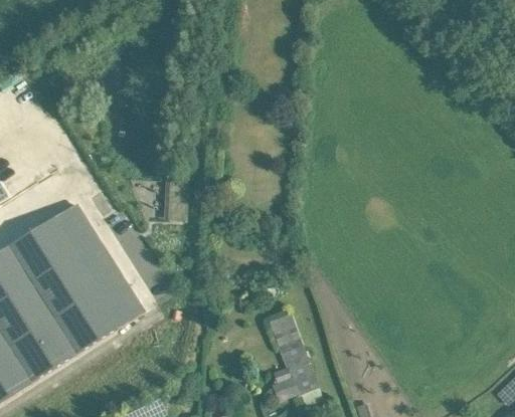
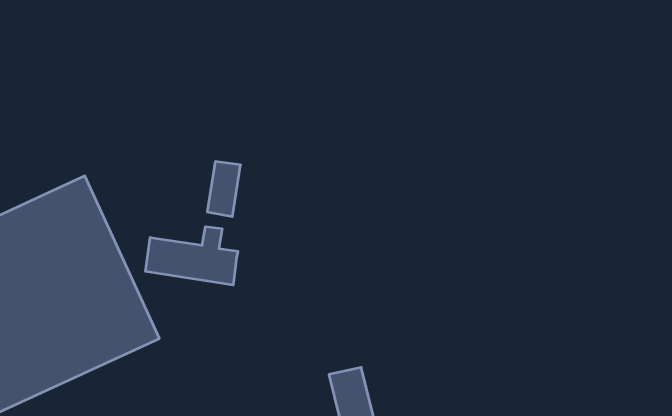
building: none -> [145,227,238,285]

